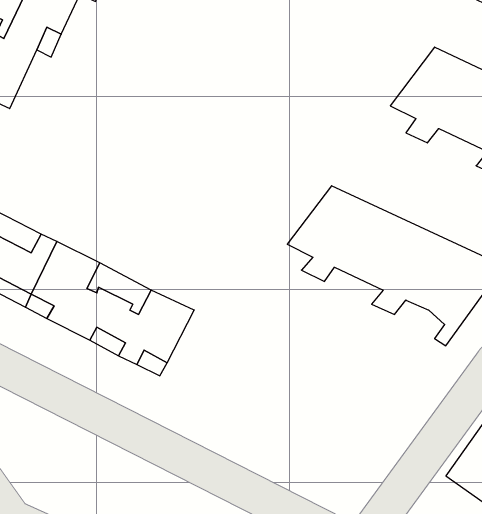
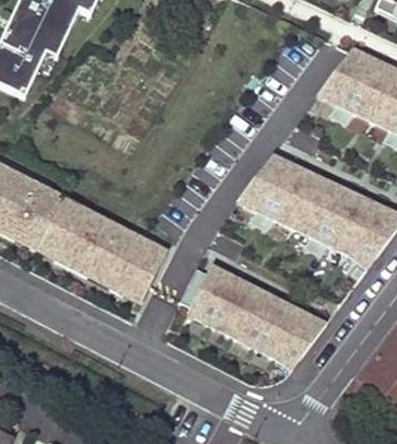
building: none -> [180,265,325,367]

